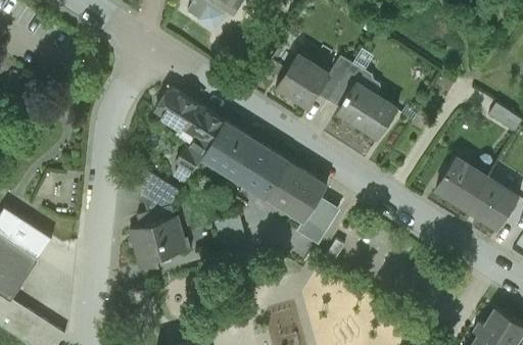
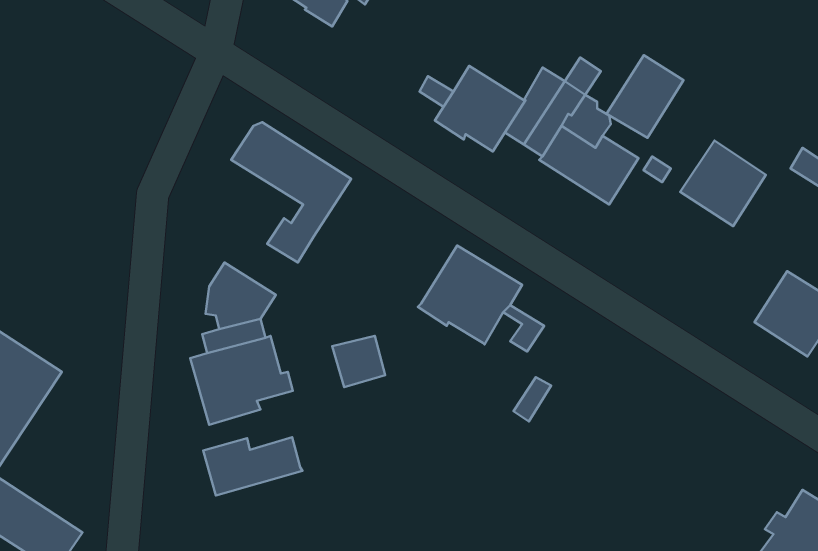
building: none -> [606,55,684,138]
building: [202,121,288,196] -> none
building: [434,156,485,207] -> [680,141,766,226]
building: [296,201,330,244] -> none
building: none -> [203,437,302,495]

